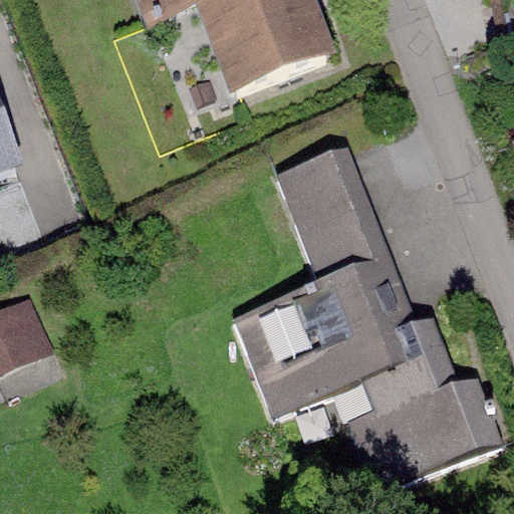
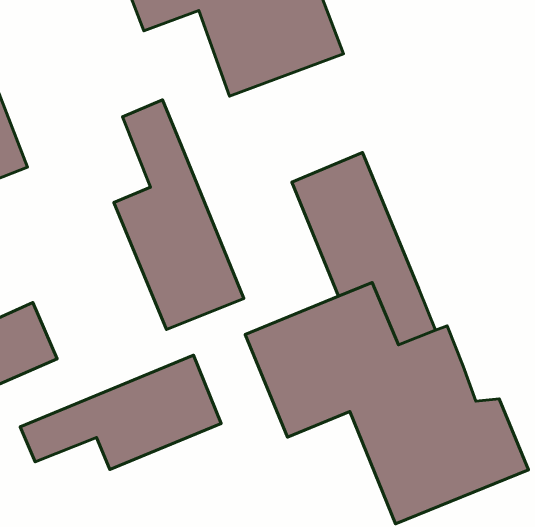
building: none -> [114,100,244,330]
building: none -> [20,355,221,470]

